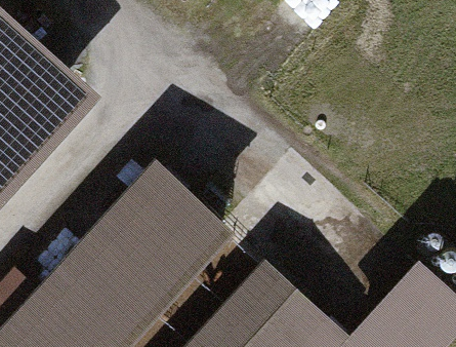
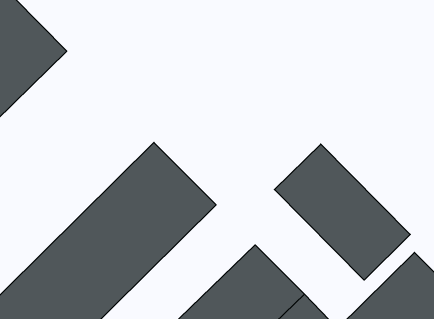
building: none -> [274,144,410,280]

